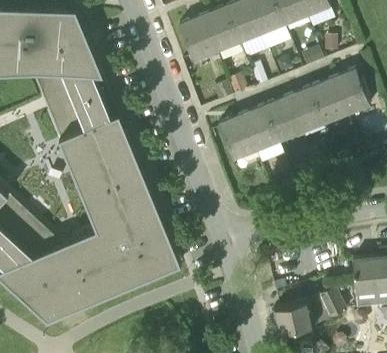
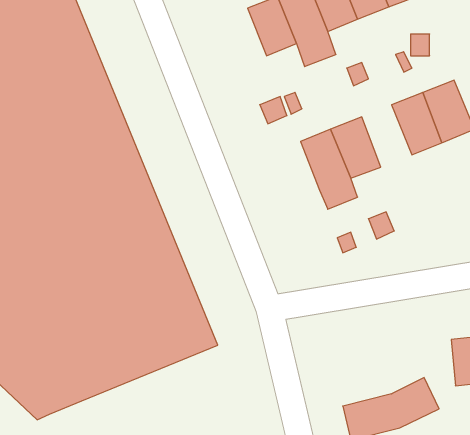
building: [178,17,216,61] -> none
building: [286,88,323,134] -> none
building: [217,115,255,161] -> none

